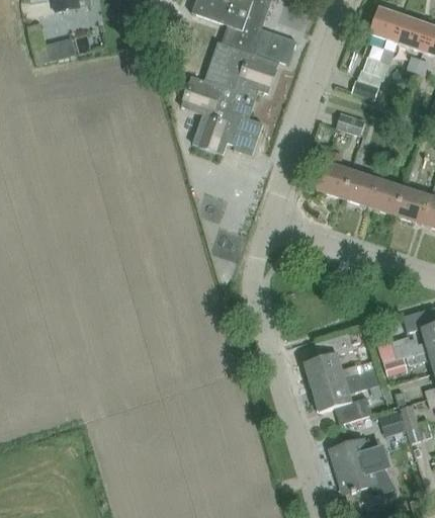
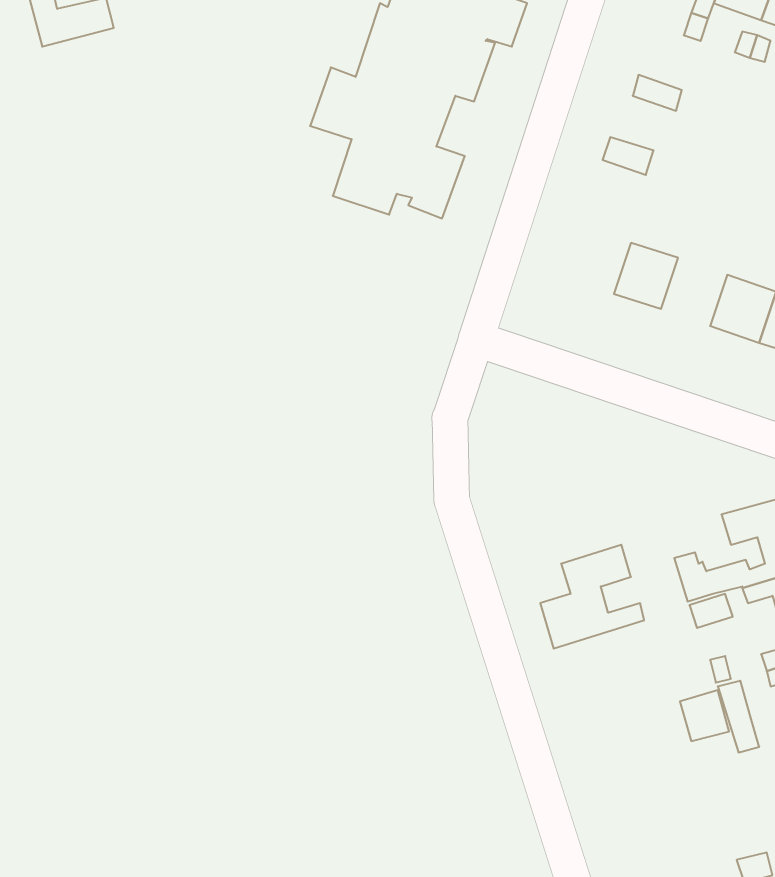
building: [358,55,390,86] -> none
building: [316,150,353,196] -> none
building: [369,177,405,213] -> none
building: [312,367,380,422] -> none
building: [331,436,397,491] -> none

